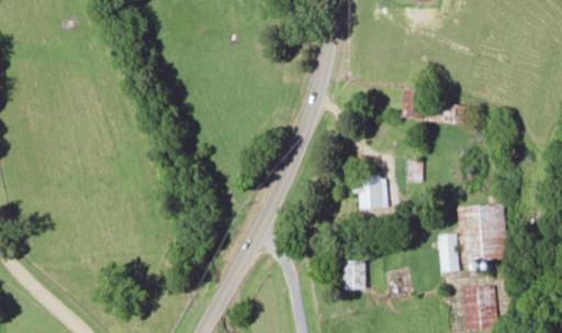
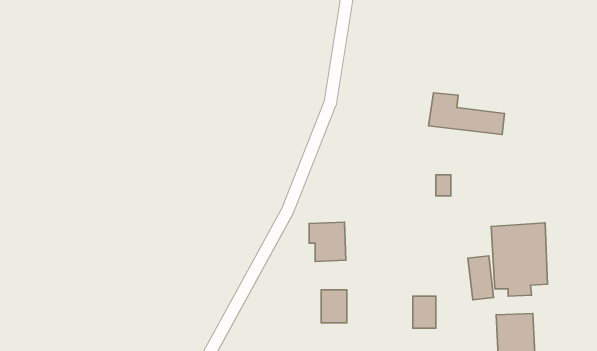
building: [355,175,387,210] -> [309,222,346,262]
building: [342,260,366,290] -> [321,290,347,323]

